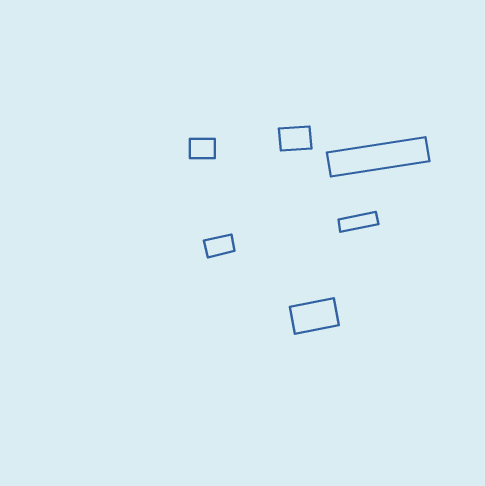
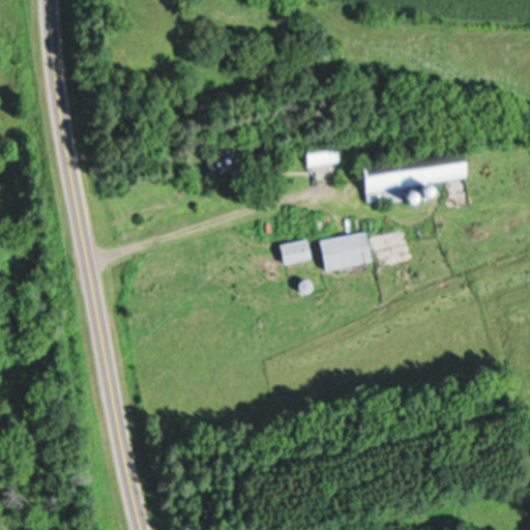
building: [204,235,235,258] -> [279,243,313,268]
building: [290,298,339,334] -> [320,235,373,273]

